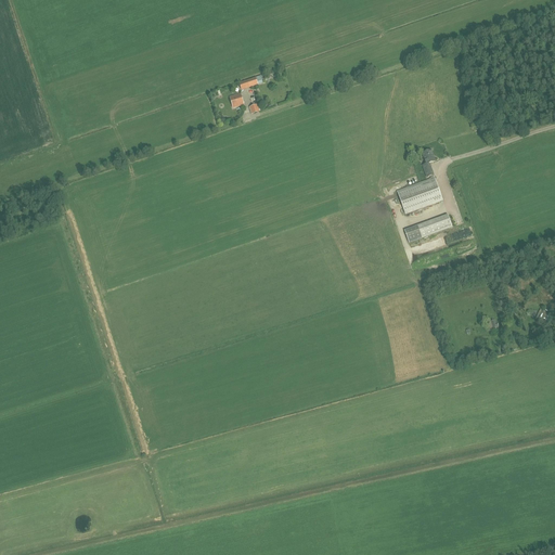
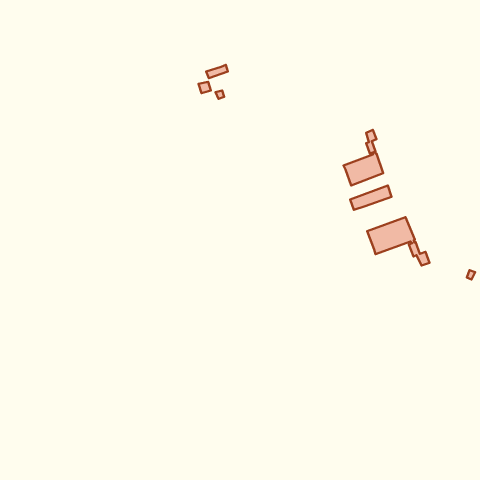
building: none -> [367,217,429,266]

